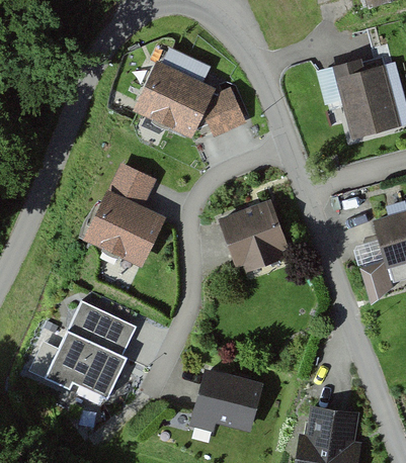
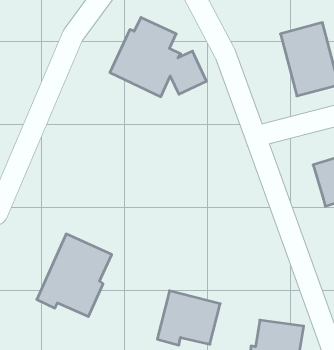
building: [83,161,167,269] -> none
building: [218,199,289,271] -> none
building: [359,261,392,304] -> none

